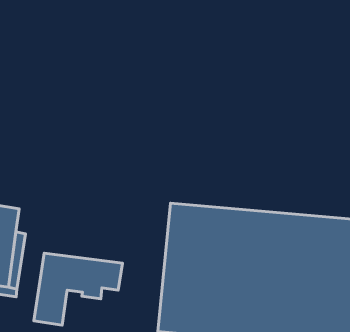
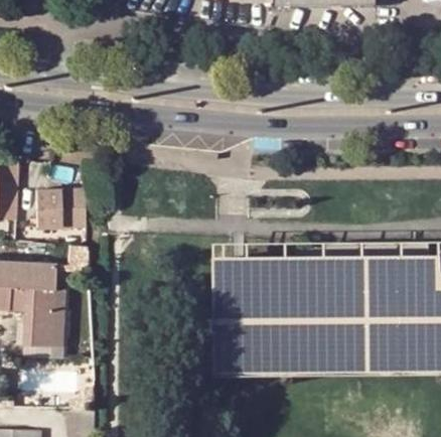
building: none -> [37,185,87,227]
building: [34,253,122,325] -> none

